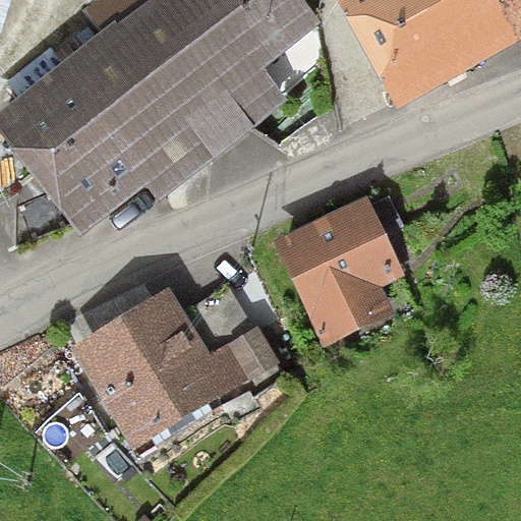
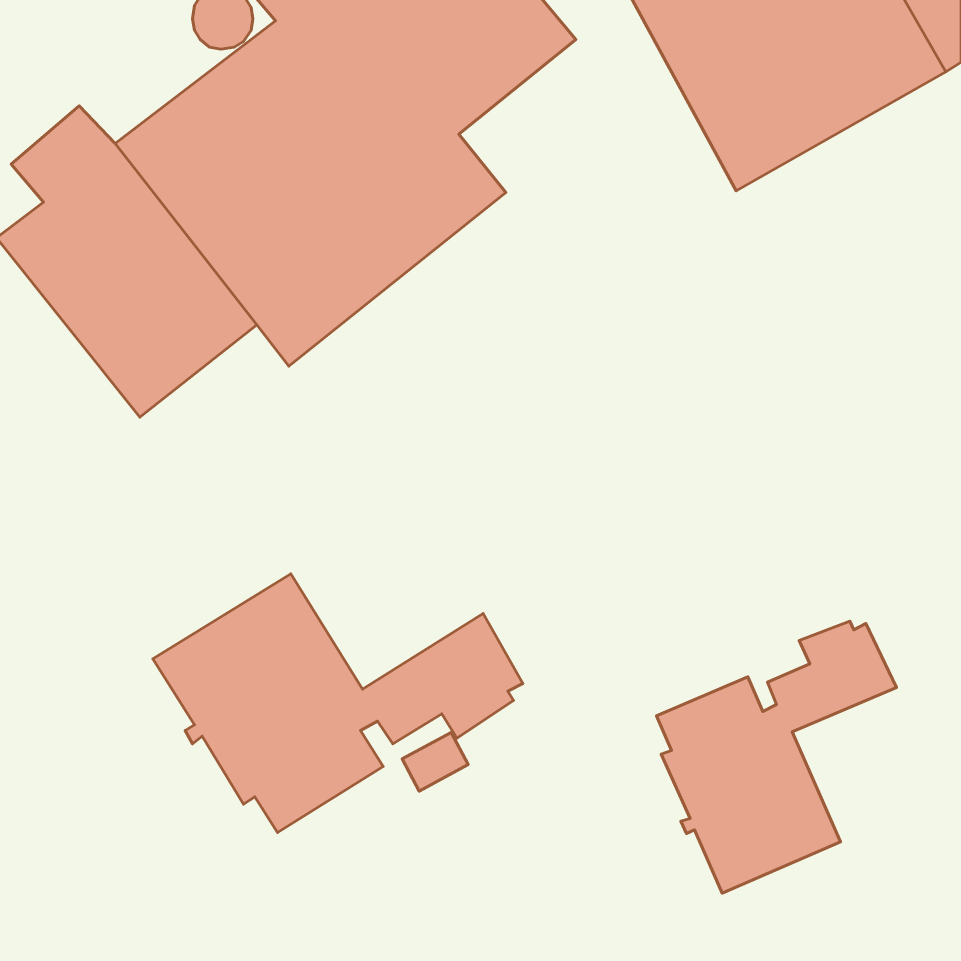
building: [280,201,398,340] -> none
building: none -> [657,621,897,893]

